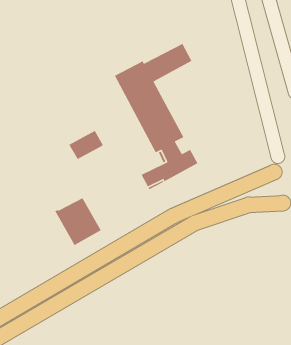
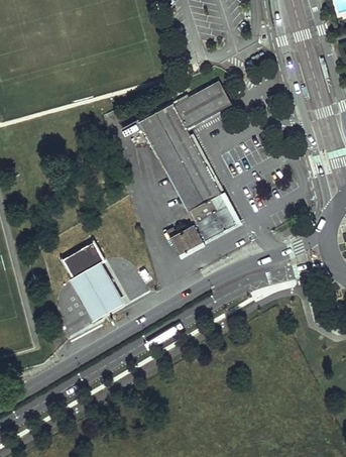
building: [68,130,104,160] -> [63,242,104,277]

